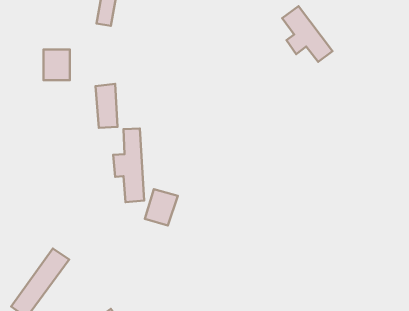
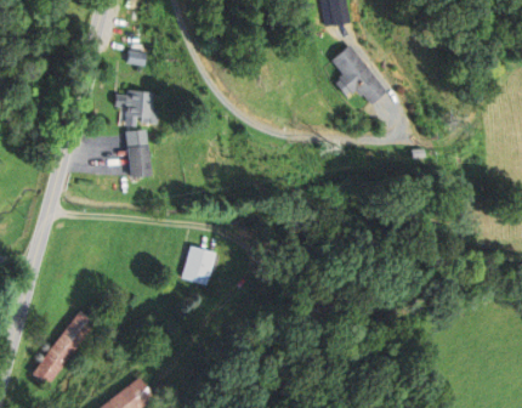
building: [43,49,70,80] -> [125,90,154,124]
building: [113,128,144,202] -> none

